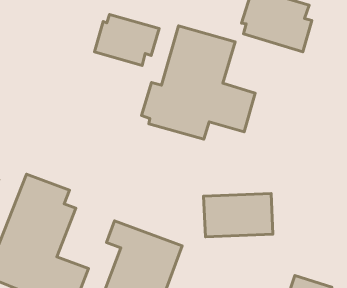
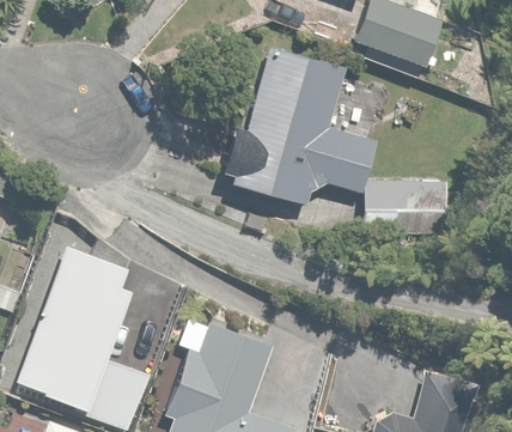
building: [95,14,159,66] -> none
building: [204,194,273,237] -> [364,176,456,233]

